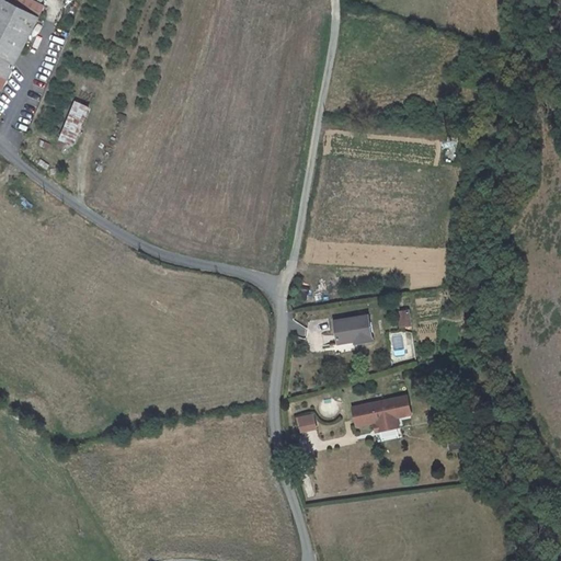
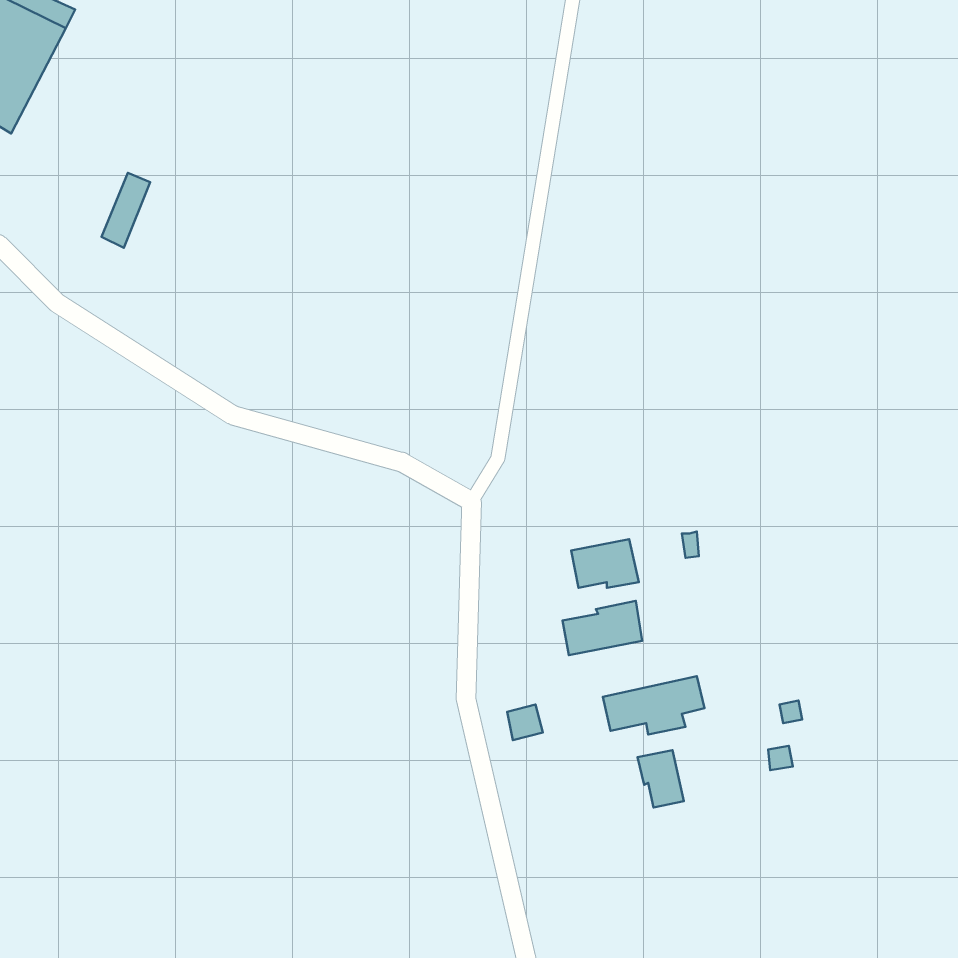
building: none -> [563,601,642,655]
building: none -> [638,750,684,808]

